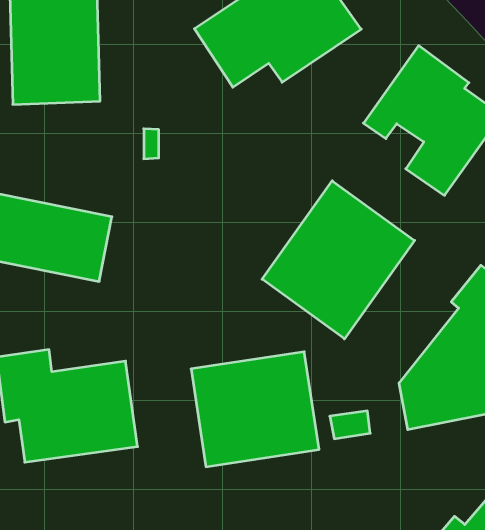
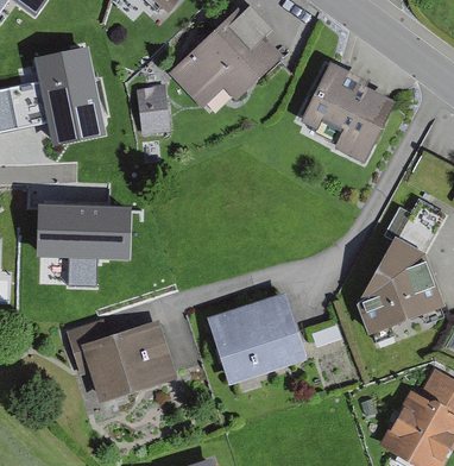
building: none -> [135,88,168,136]
building: [262,181,415,339] -> none

